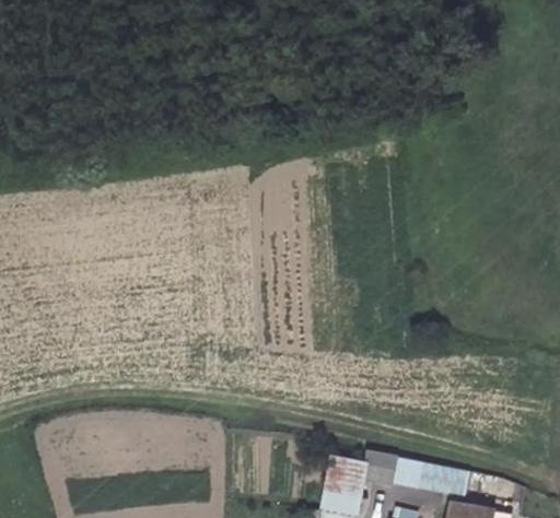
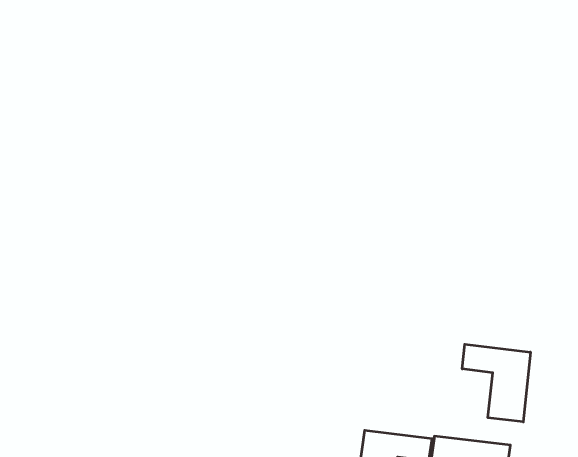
building: none -> [462,344,530,422]

